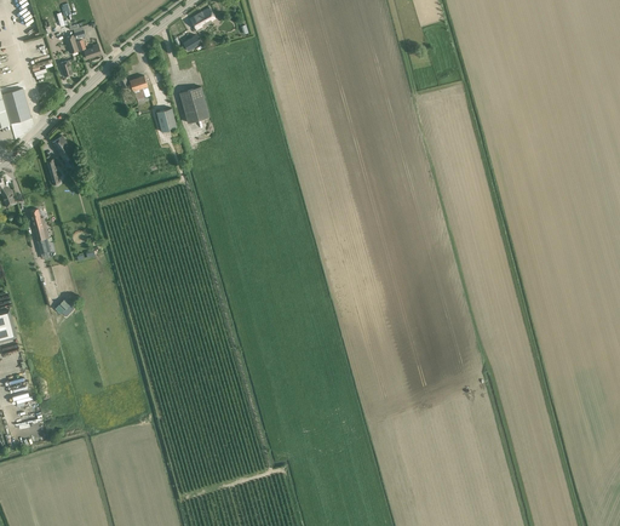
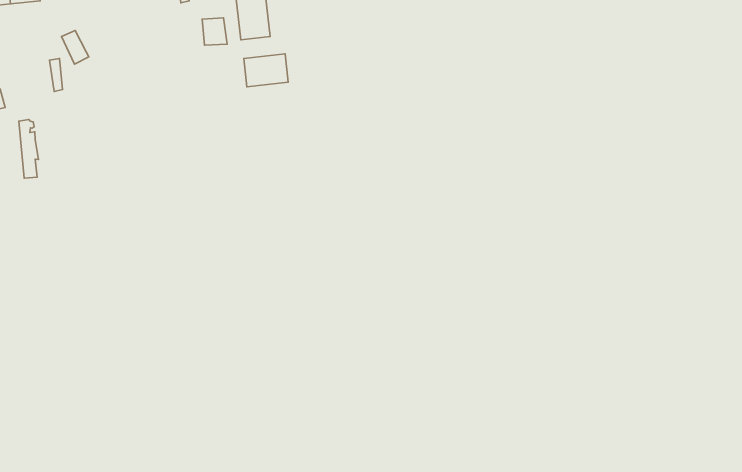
building: none -> [244,54,288,87]

